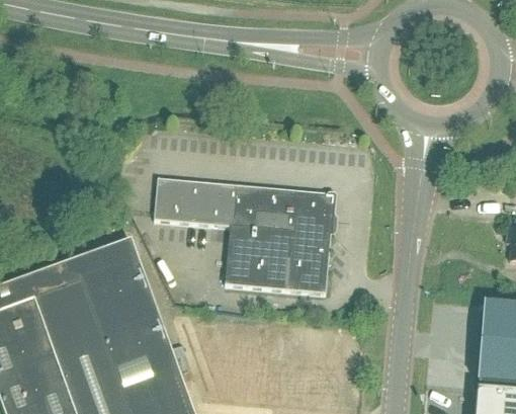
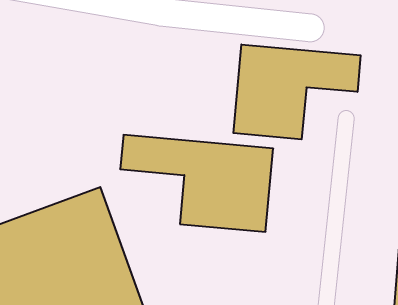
building: none -> [233,44,361,139]

